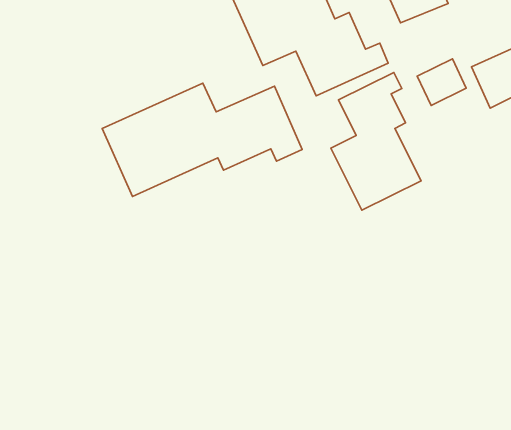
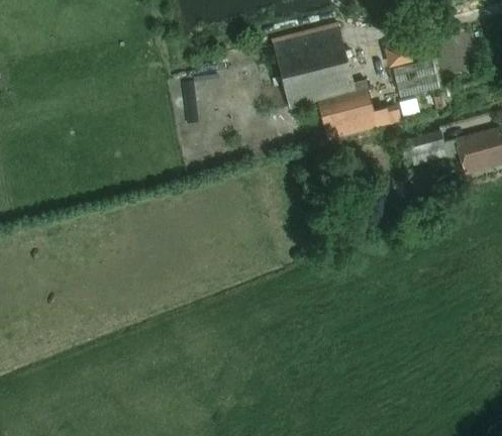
building: [331,73,421,210] -> none
building: [102,83,302,197] -> none

